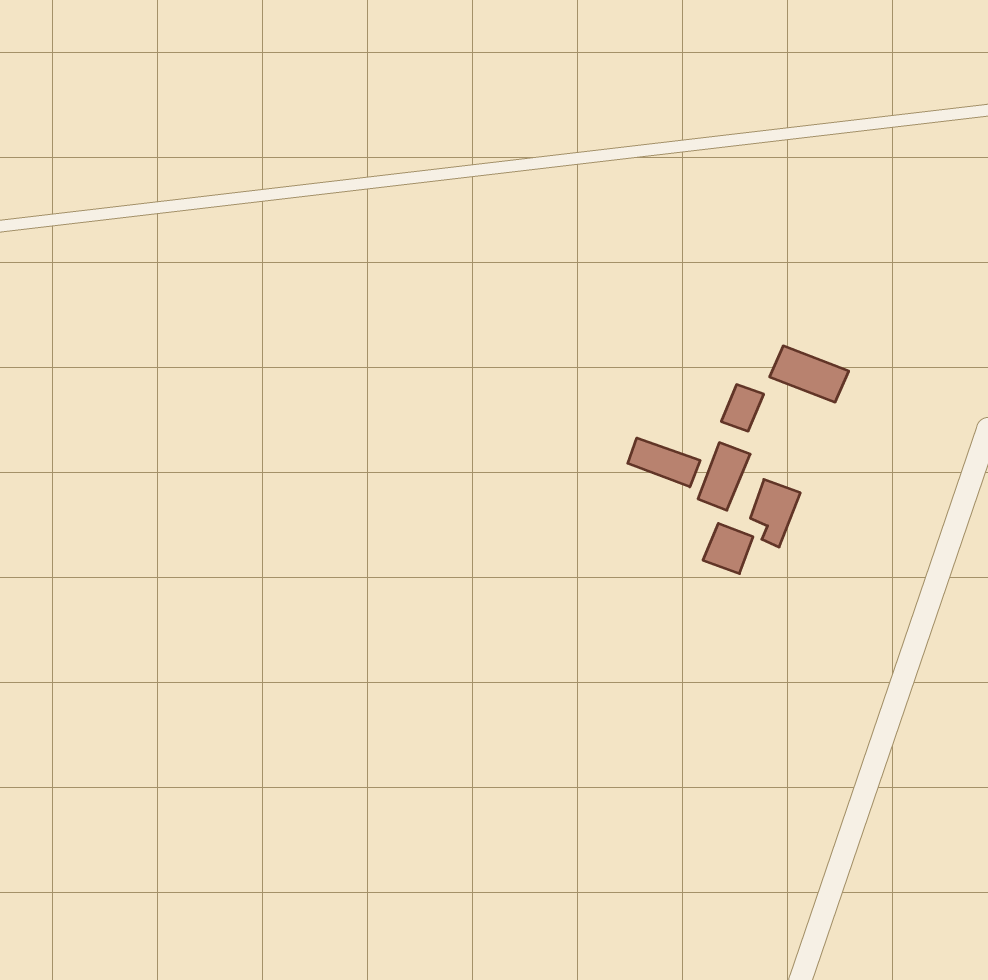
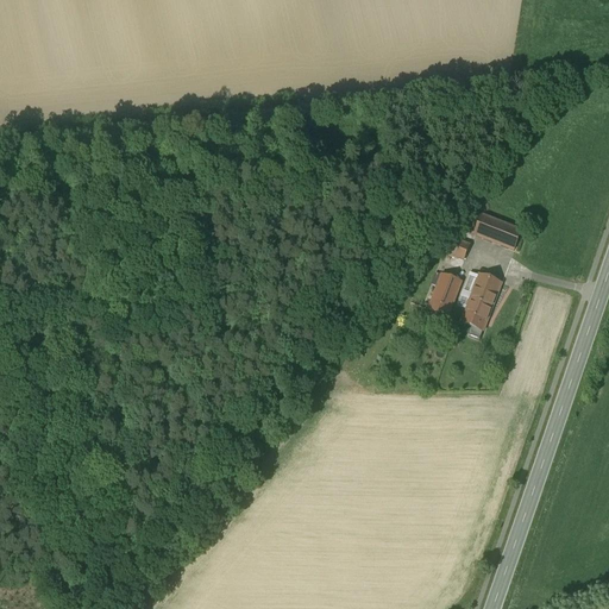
building: [628,438,700,487] -> none
building: [703,523,753,574] -> [470,272,501,303]

